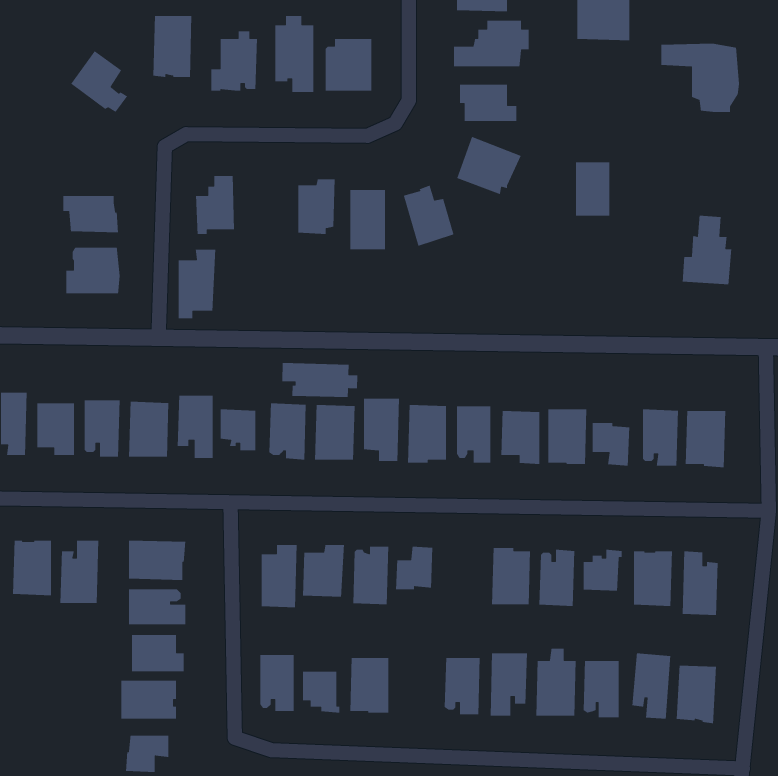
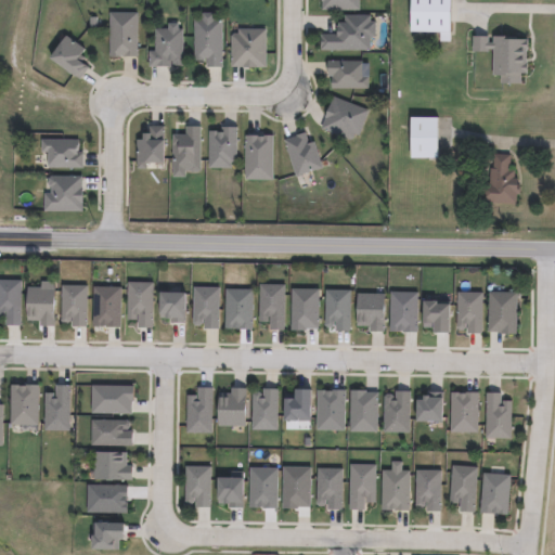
building: [178,249,216,319] -> [177,126,204,176]
building: [281,362,358,398] -> none
building: none -> [317,389,346,429]
building: none -> [283,466,311,508]

